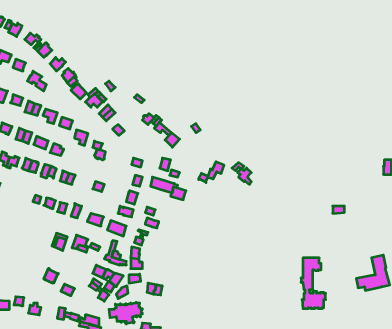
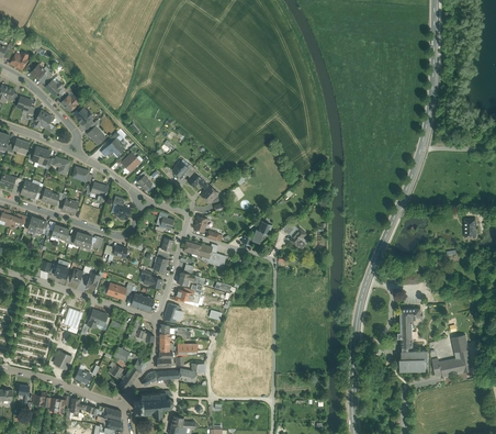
building: [301,258,326,309] -> [398,309,428,370]

